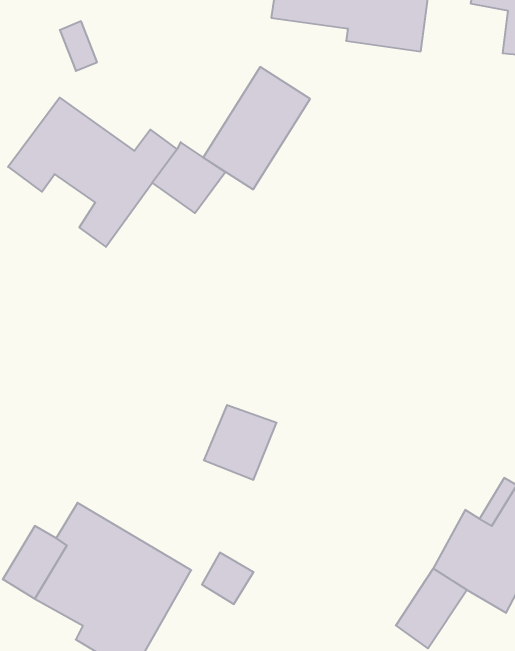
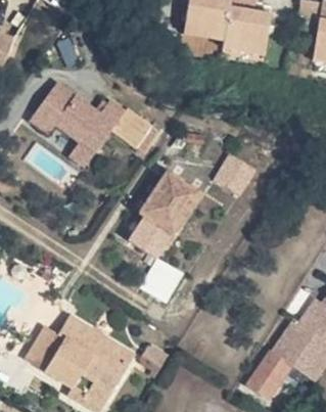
building: [203,67,310,189] -> [136,173,197,243]
building: none -> [216,154,255,193]

